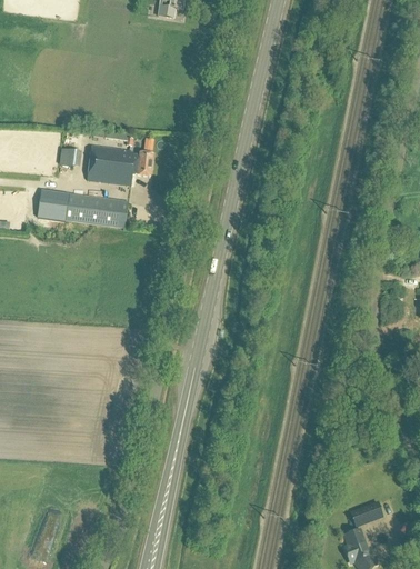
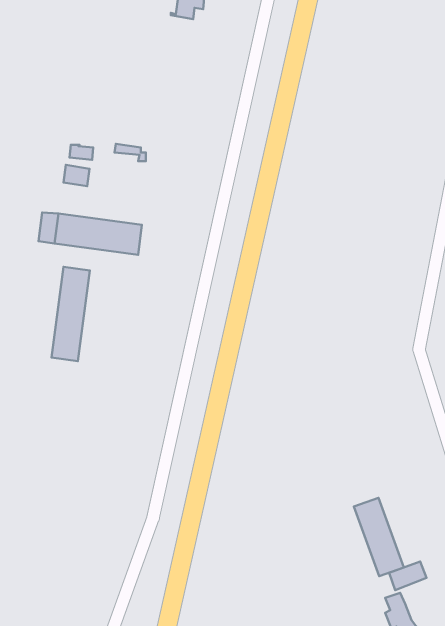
building: [88,144,153,184] -> none
building: none -> [51,267,90,361]
building: none -> [354,498,404,576]

